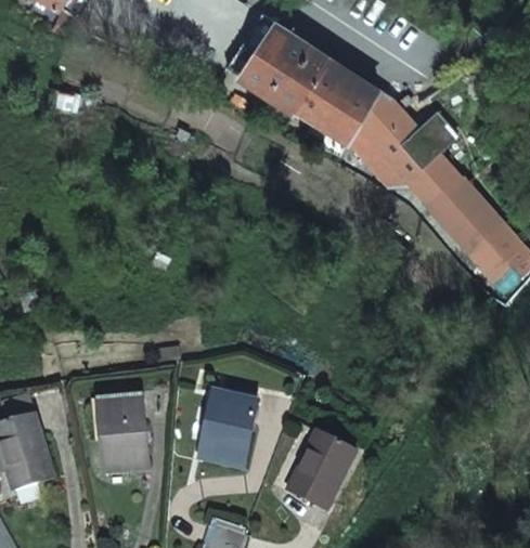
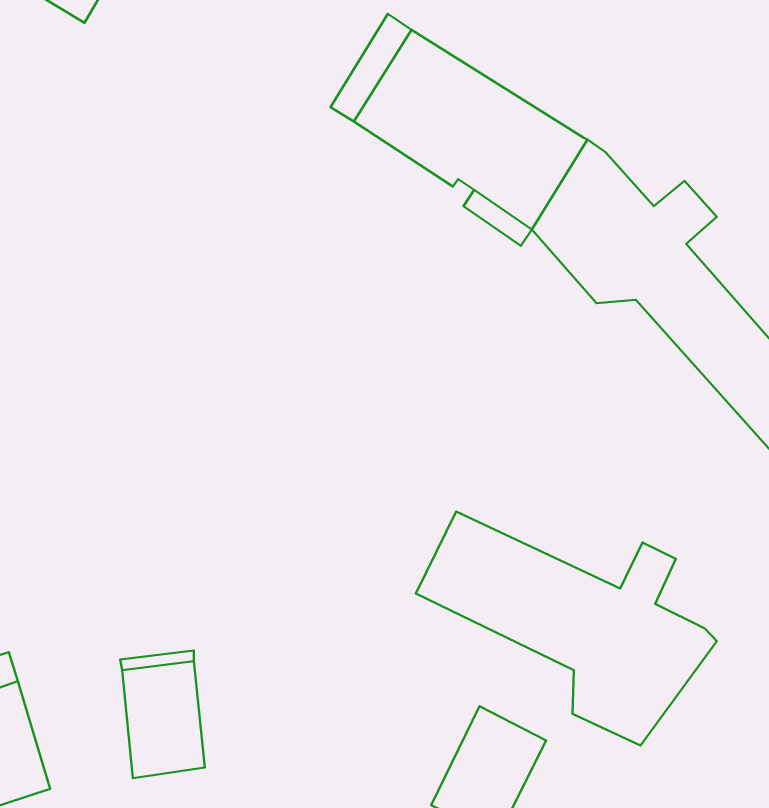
building: none -> [416,512,717,746]
building: [199,393,255,467] -> none

